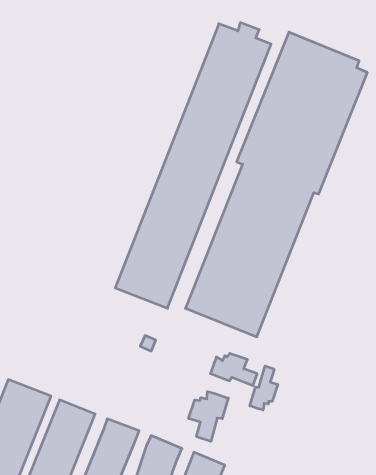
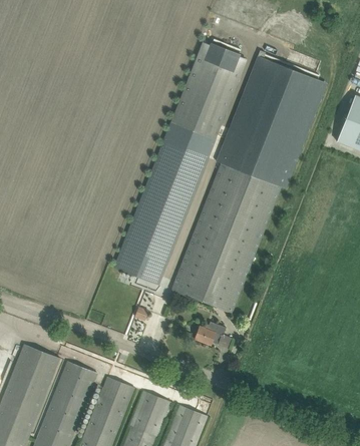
building: [250,366,278,410] -> none
building: [189,392,228,441] -> none

